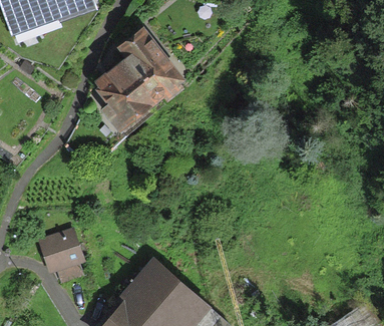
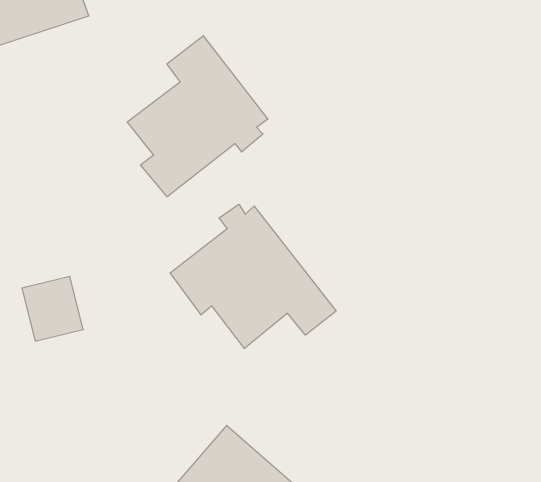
building: none -> [170,204,336,349]
building: [36,232,73,271] -> [22,276,83,341]

